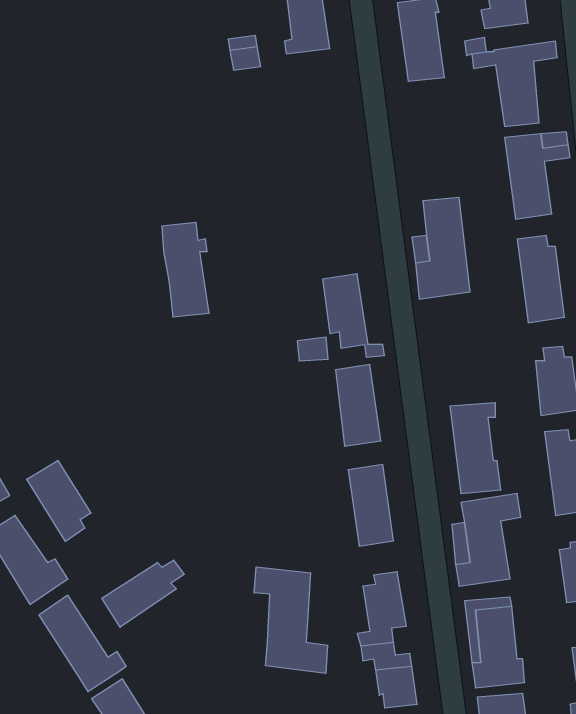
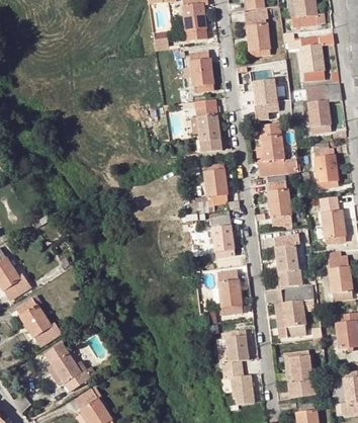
building: none -> [189,52,212,92]
building: none -> [252,67,277,111]
building: [162,222,209,317] -> [195,100,221,153]
building: none -> [266,176,292,226]
building: [27,460,91,541] -> none
building: [102,560,184,627] -> none
building: [254,567,328,673] -> none

